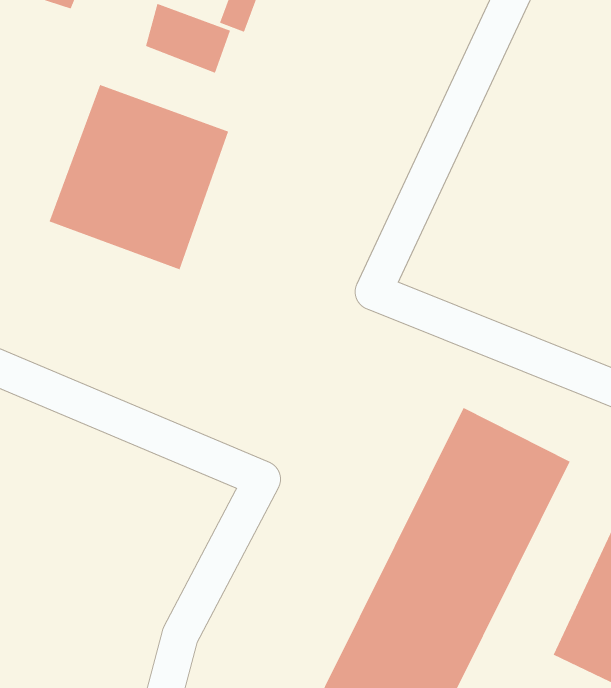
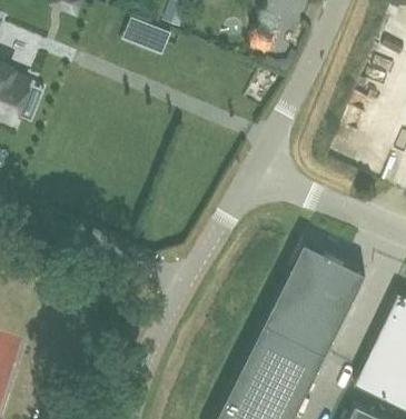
building: [49,84,229,270] -> none

